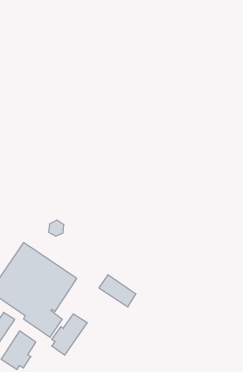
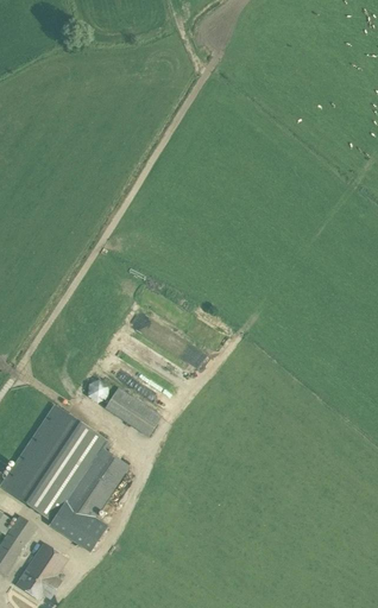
building: [99,275,136,307] -> [106,387,160,435]
building: [52,314,87,355] -> none

